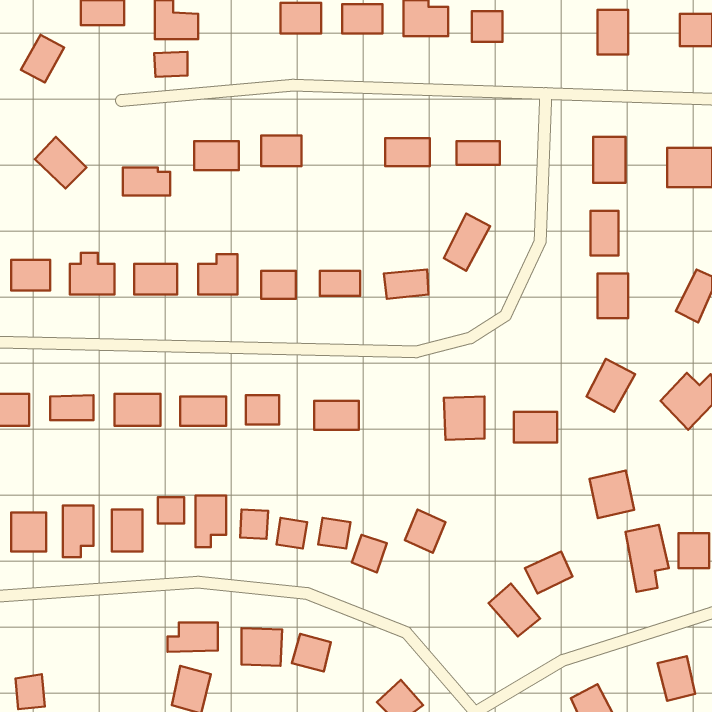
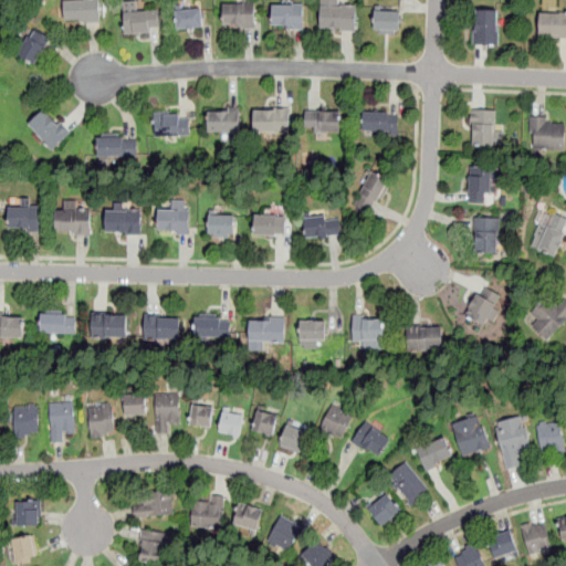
building: [154,52,188,77] -> [176,9,202,29]
building: none -> [253,108,289,133]
building: none -> [298,321,325,347]
building: [590,471,634,518] -> [453,418,489,455]
building: none -> [352,422,391,459]
building: none -> [367,495,400,527]
building: none -> [15,501,39,526]
building: none -> [268,515,302,552]
building: none -> [486,531,517,559]

